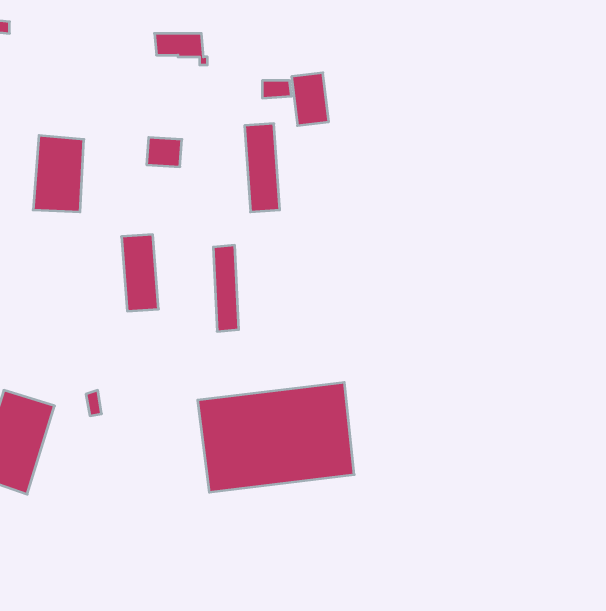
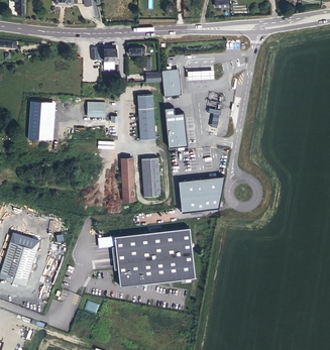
building: none -> [163,107,186,146]
building: [121,235,159,311] -> [141,157,160,197]
building: none -> [177,177,224,212]

